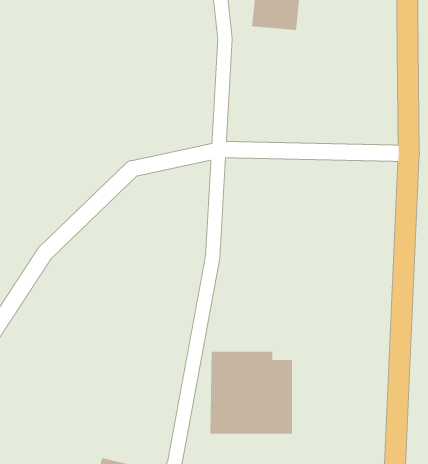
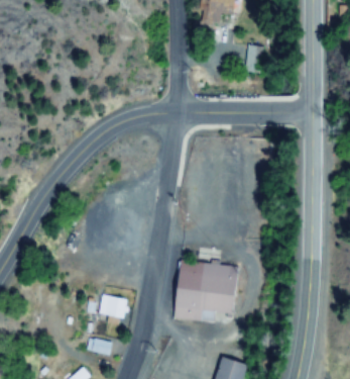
building: none -> [245,46,262,73]
building: none -> [99,293,130,324]

